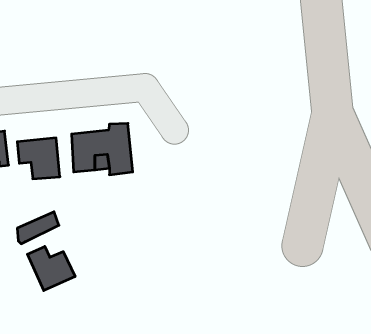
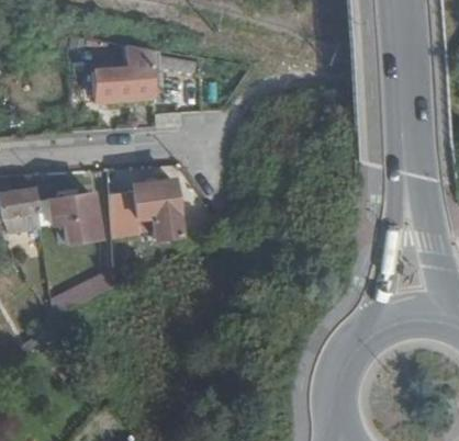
building: none -> [98,46,158,99]
building: [27,246,75,291] -> none

